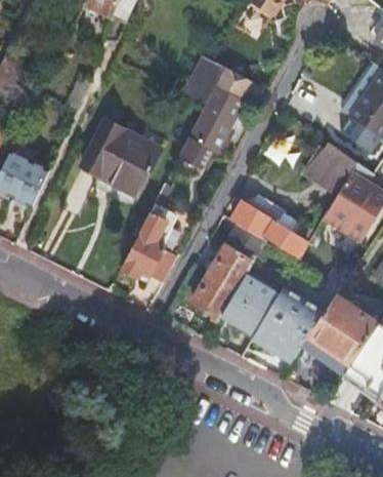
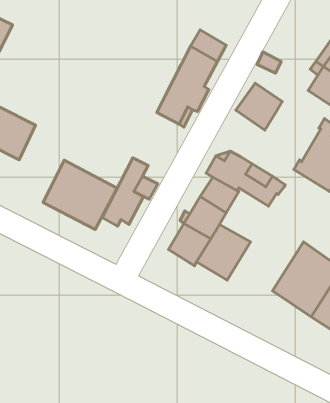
building: [185,57,224,104] -> none
building: [80,121,159,195] -> [43,160,117,230]
building: [307,143,356,193] -> [236,83,282,130]
building: [253,285,324,358] -> none

